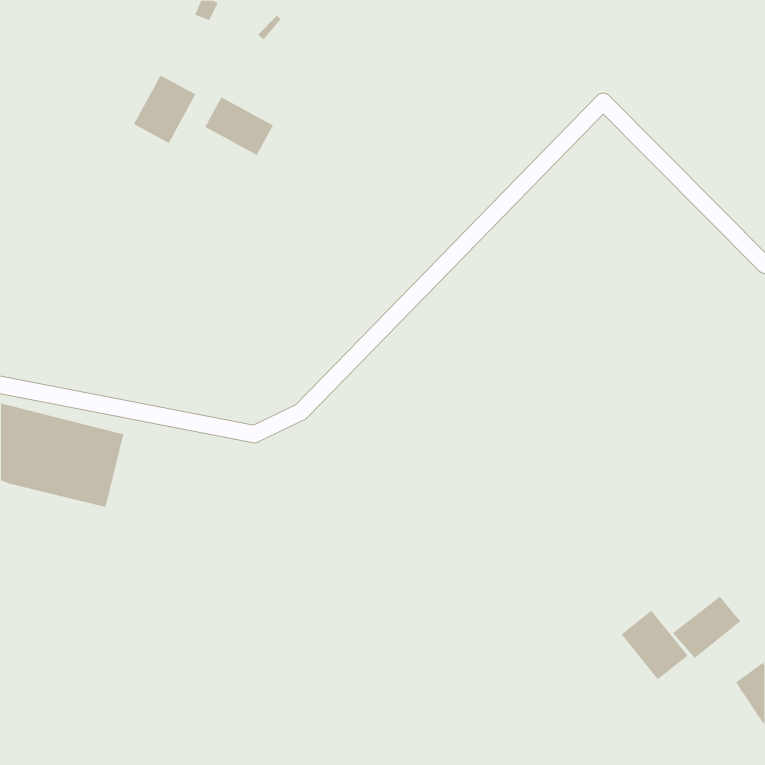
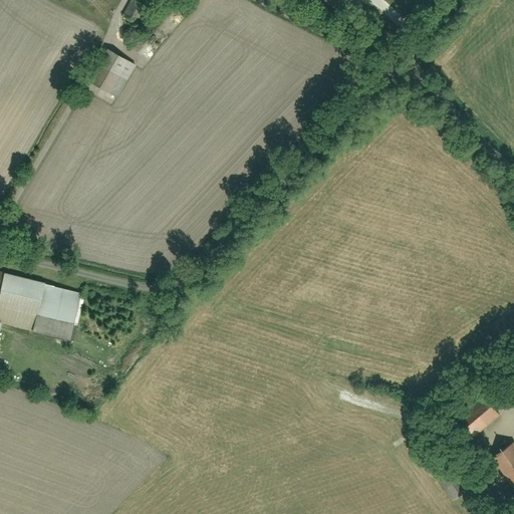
building: [205,97,274,156] -> none
building: [621,610,688,680] -> none

